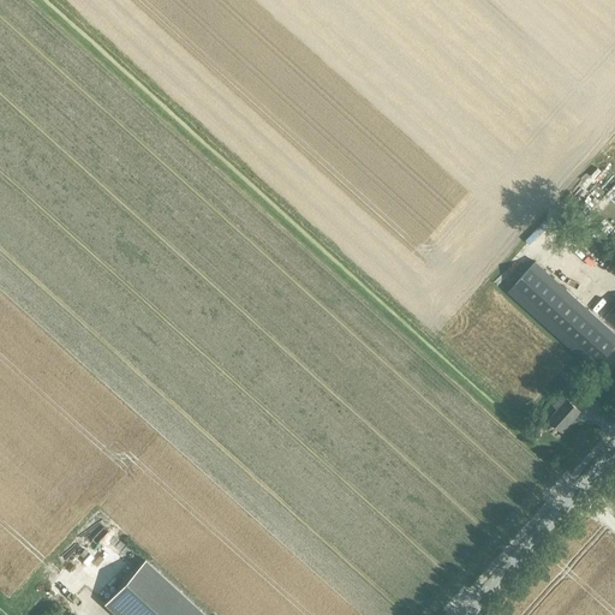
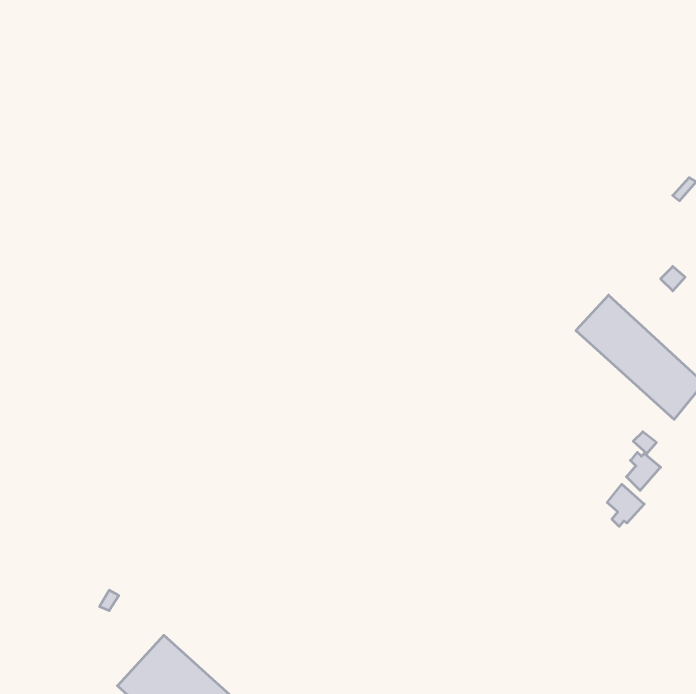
building: none -> [607,484,644,526]

